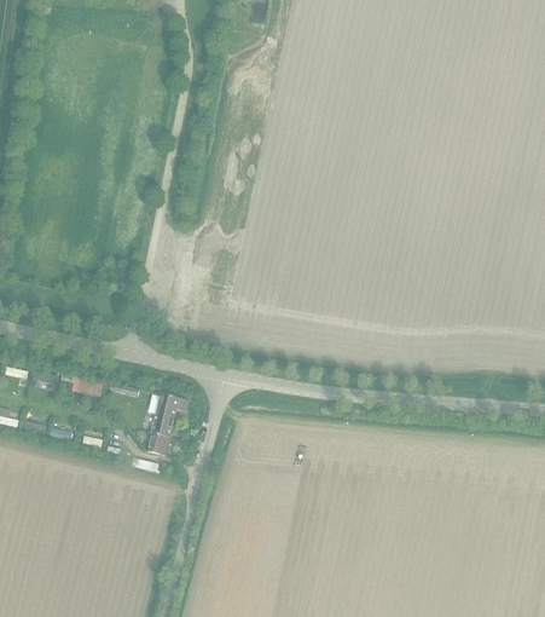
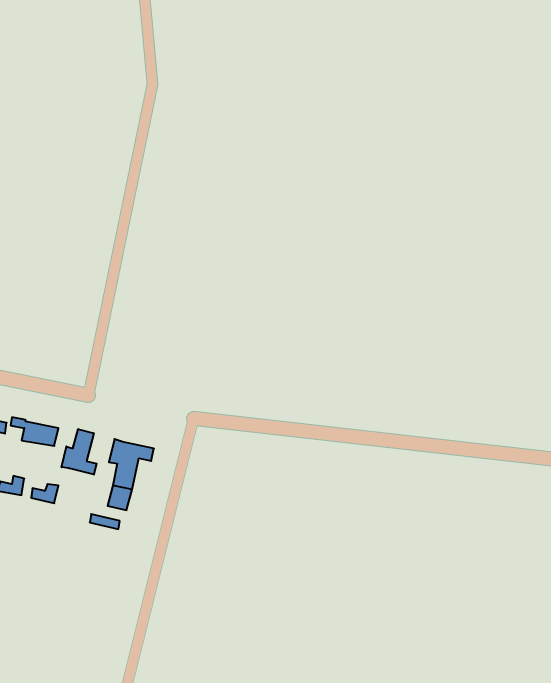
building: none -> [62,429,97,475]

